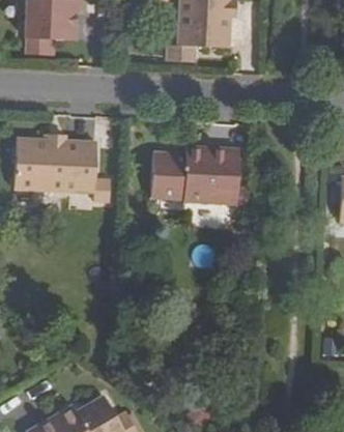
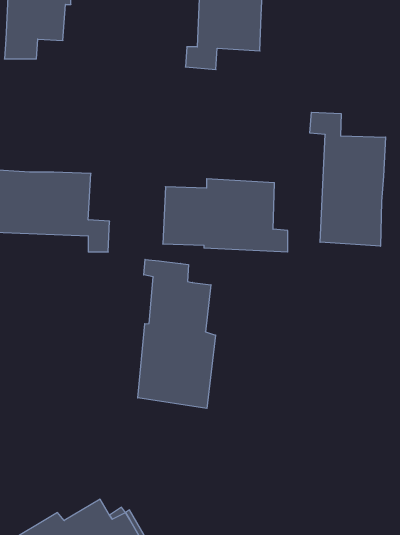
building: none -> [310,112,386,246]
building: none -> [138,259,216,408]

